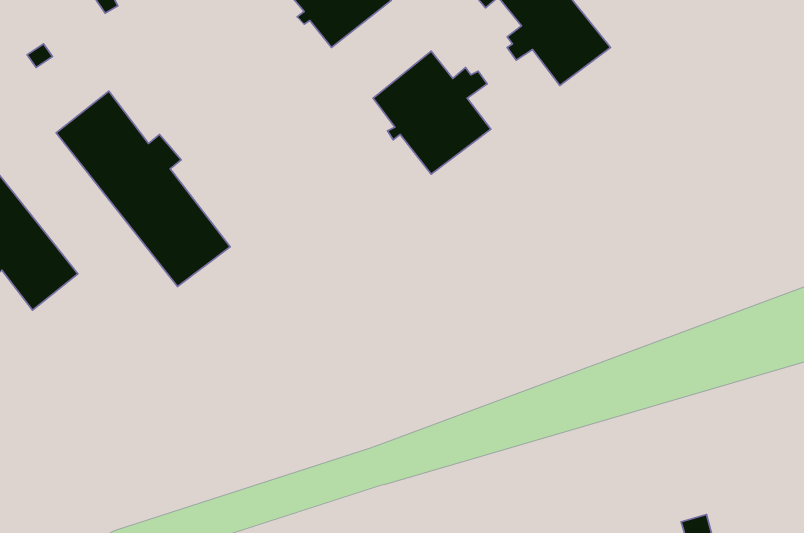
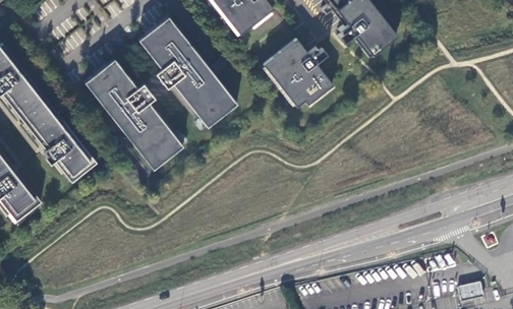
building: none -> [138,16,236,127]
building: none -> [457,281,483,302]

